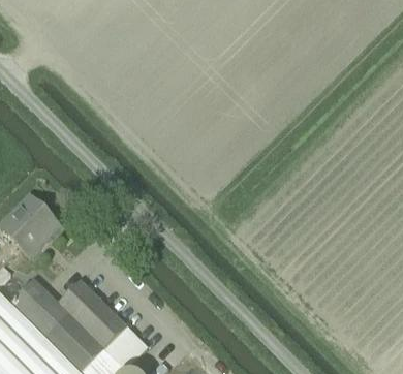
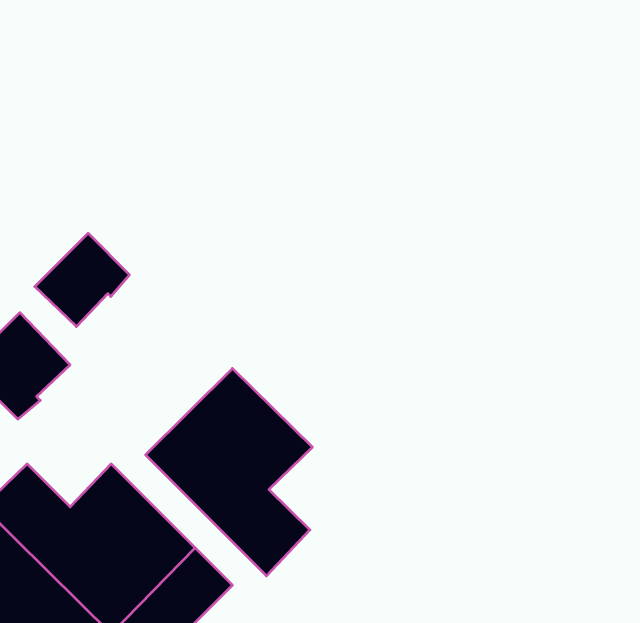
building: none -> [35,233,129,327]
building: none -> [146,368,312,576]

